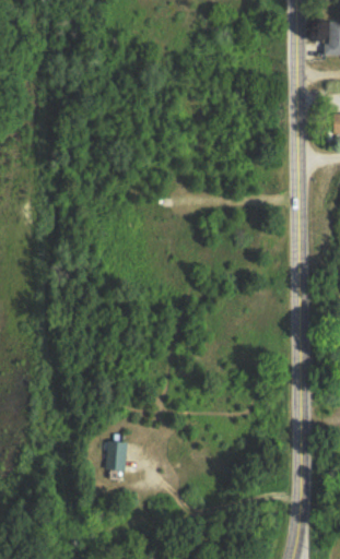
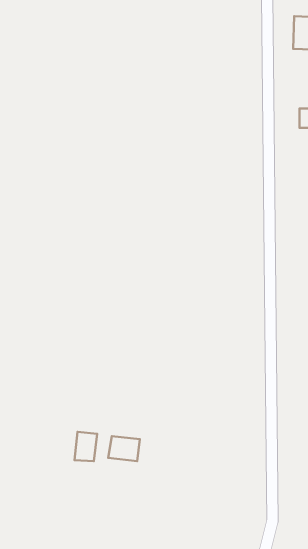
building: none -> [108,436,140,461]

